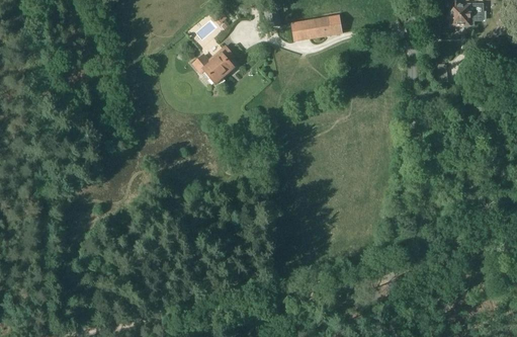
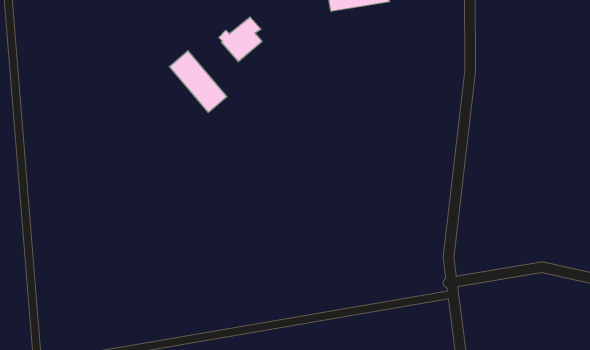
building: none -> [169,51,227,112]

